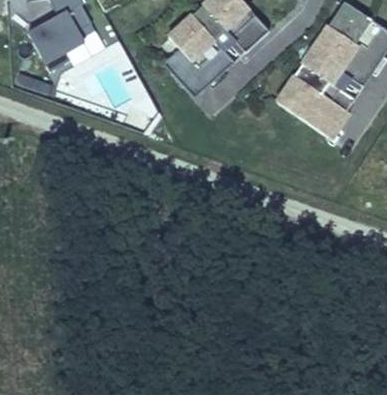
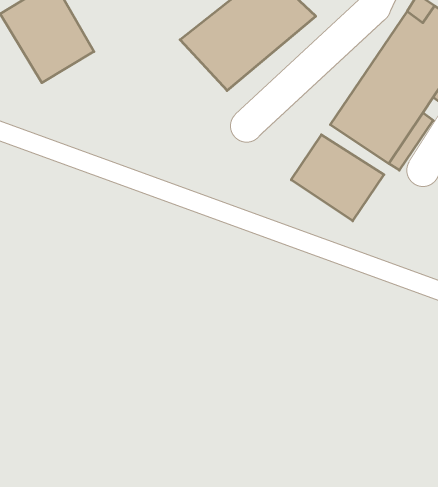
building: none -> [291,135,384,221]

